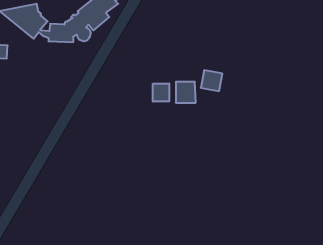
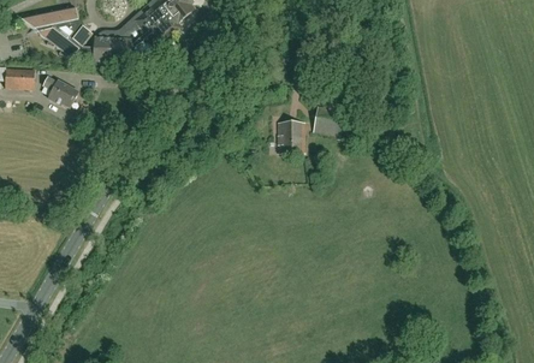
building: none -> [44,78,78,107]
building: [153,83,169,102] -> none

